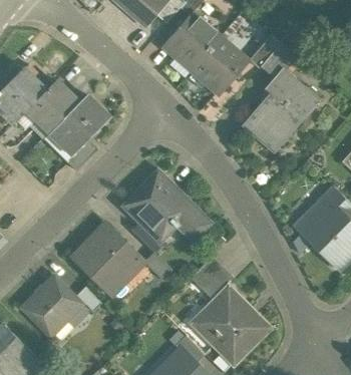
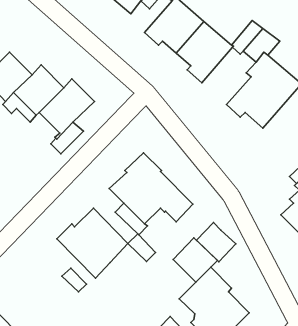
building: none -> [196,222,236,262]
building: [22,276,83,338] -> none

